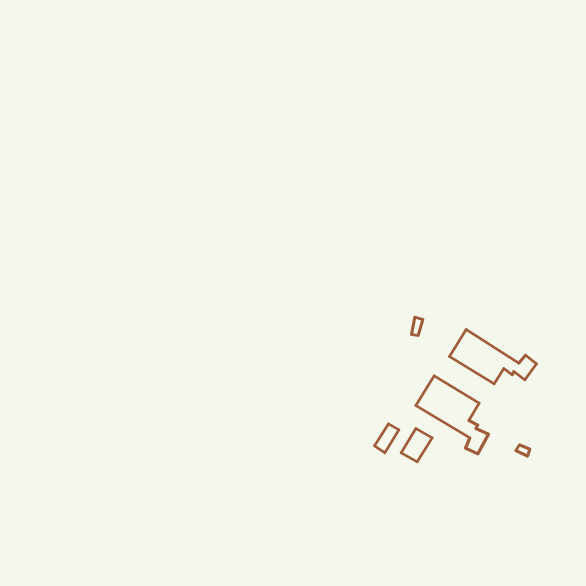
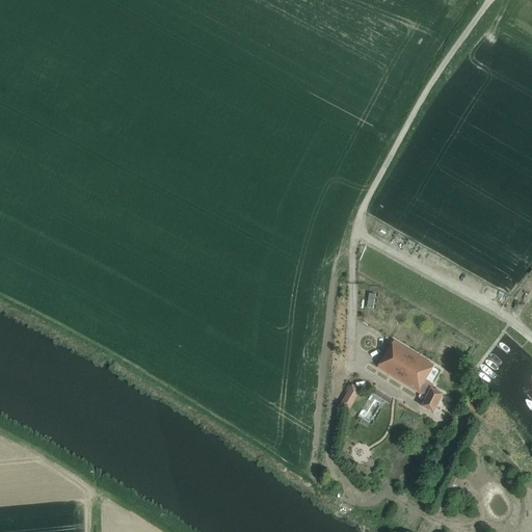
building: [450,330,536,384] -> none

